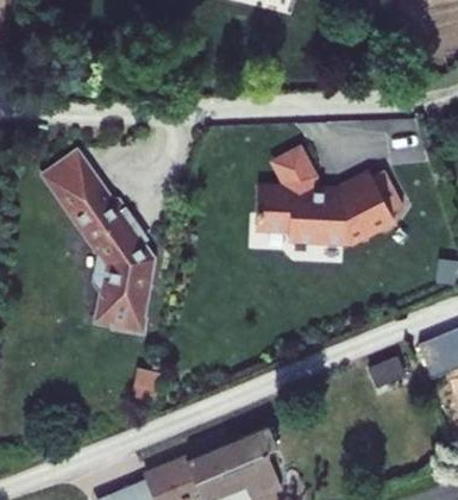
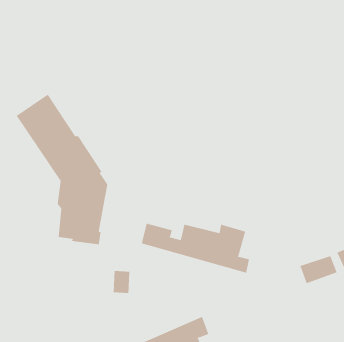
building: [258,146,403,243] -> none
building: none -> [141,223,250,274]

